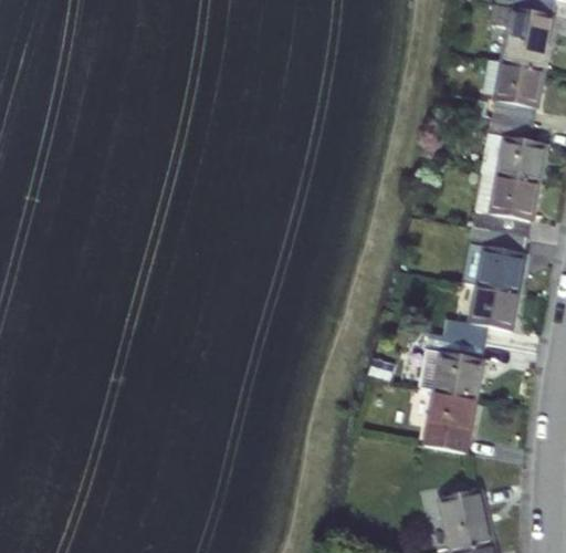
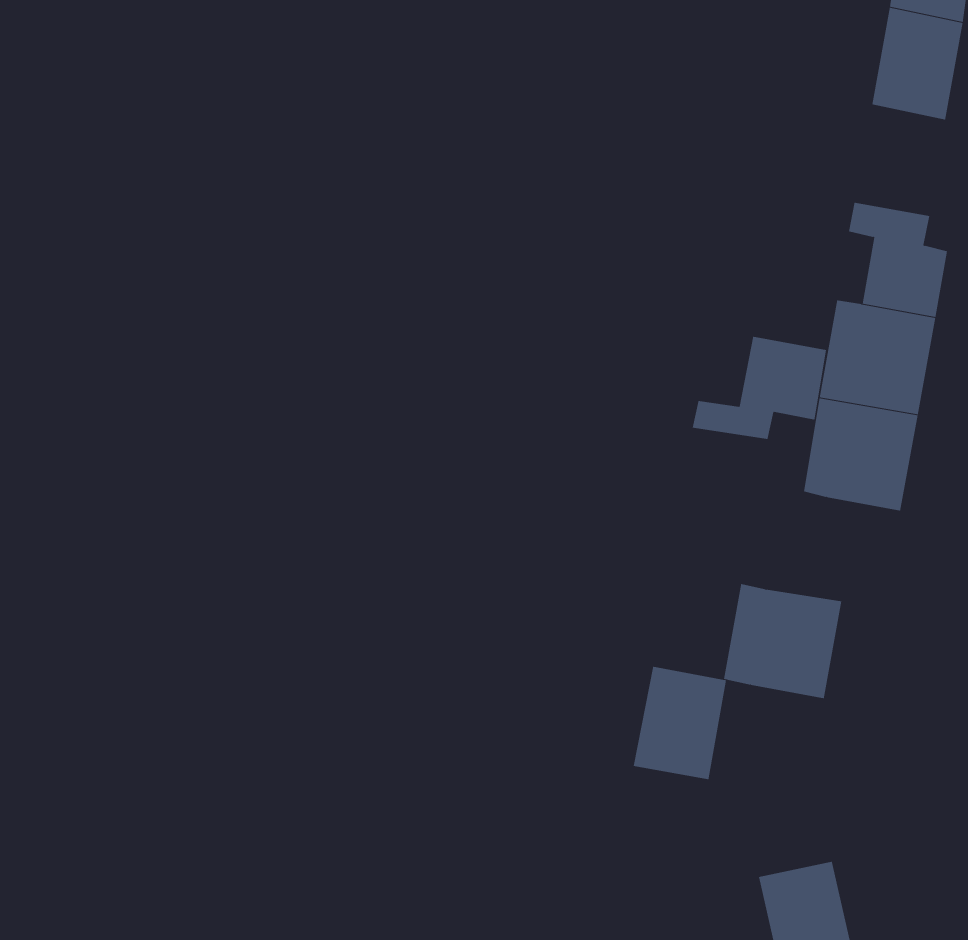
building: [478,59,544,124] -> none
building: [442,283,518,342] -> [692,336,827,440]
building: [422,389,475,453] -> [633,666,727,780]

